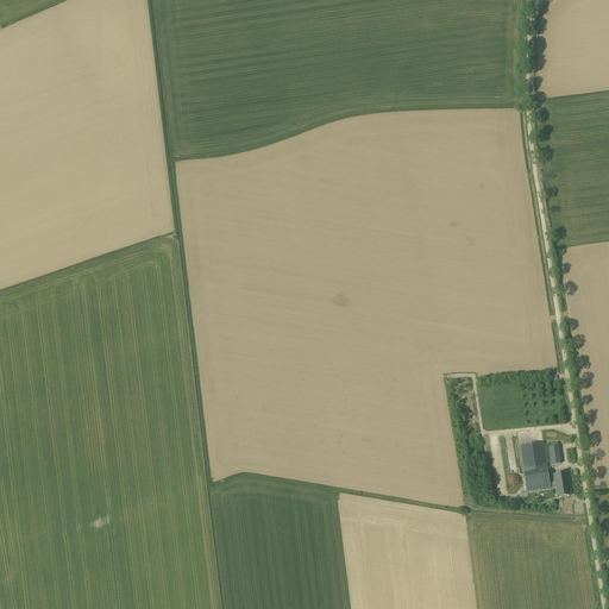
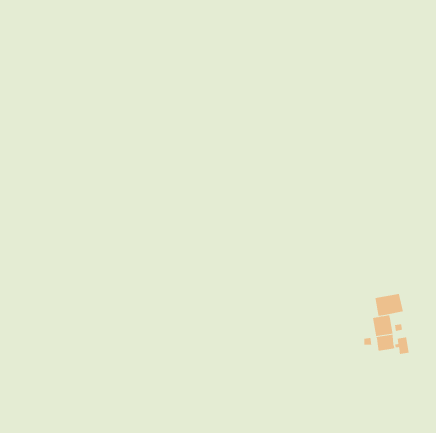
building: none -> [375,293,404,317]

